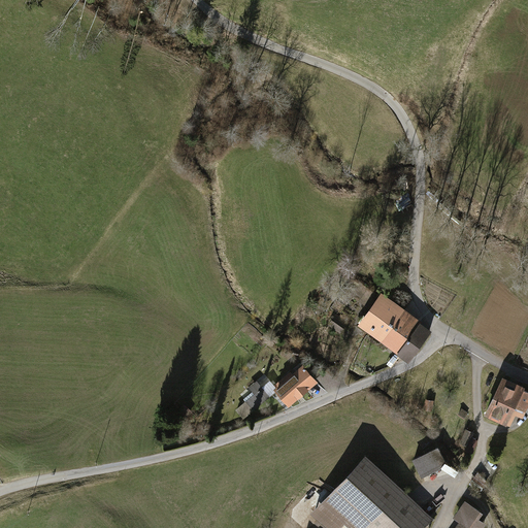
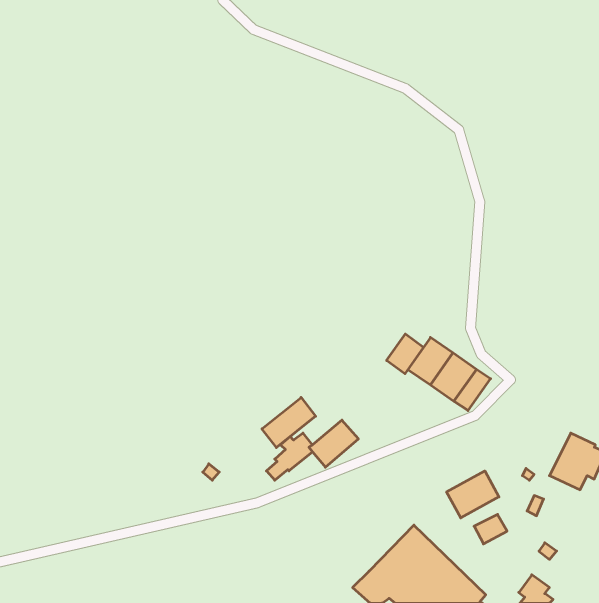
building: none -> [387,334,424,374]
building: none -> [262,397,316,448]
building: none -> [447,471,499,518]

